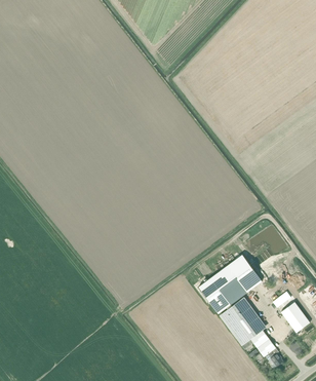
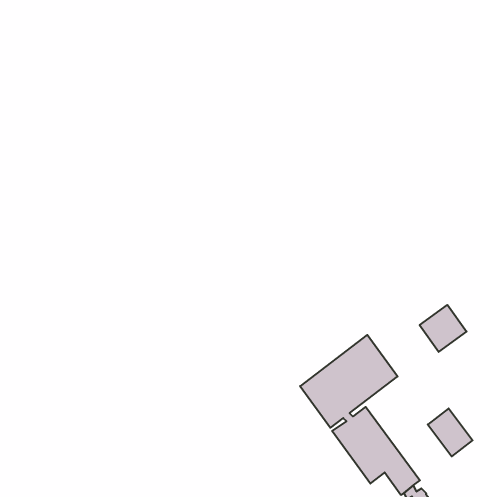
building: none -> [420,305,467,352]

